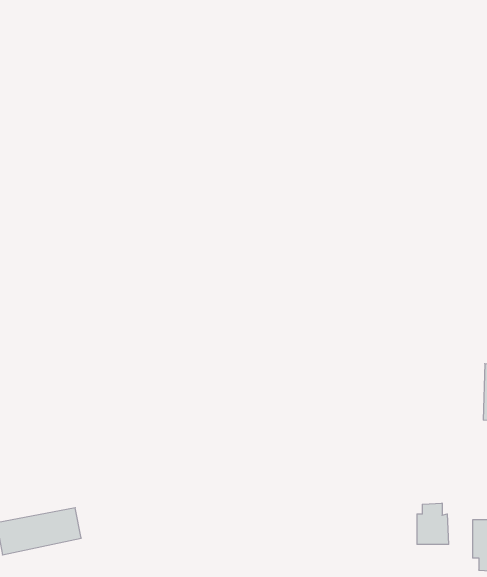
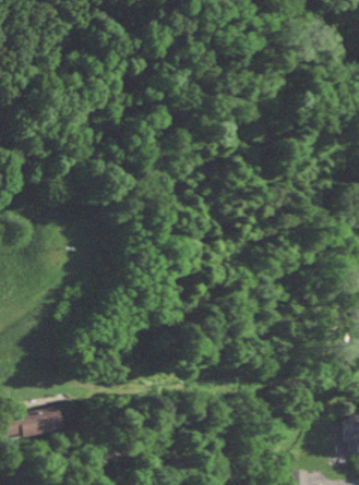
building: [417,503,449,544] -> none

